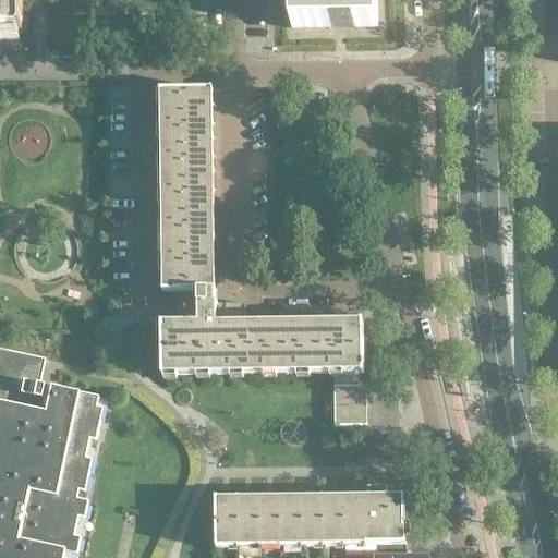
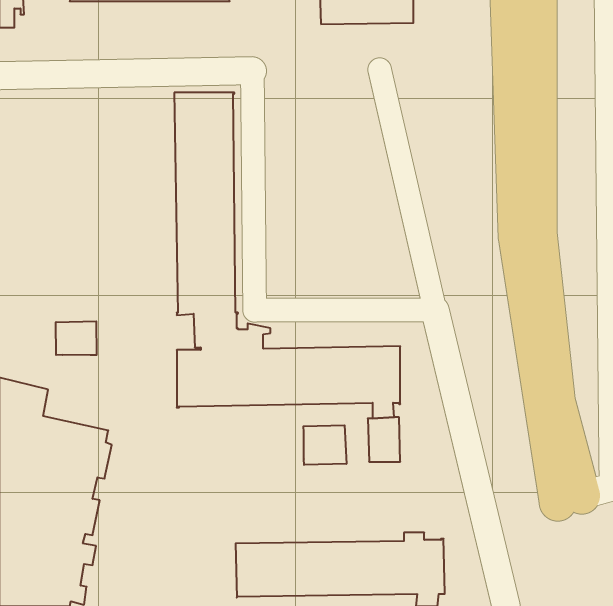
building: none -> [56,321,97,355]
building: none -> [303,425,346,465]

